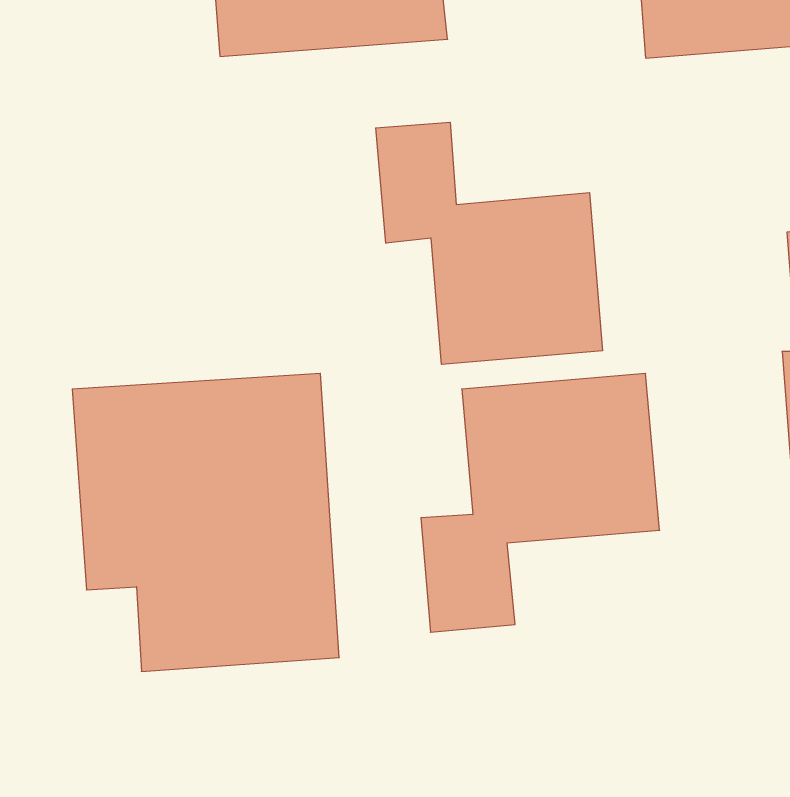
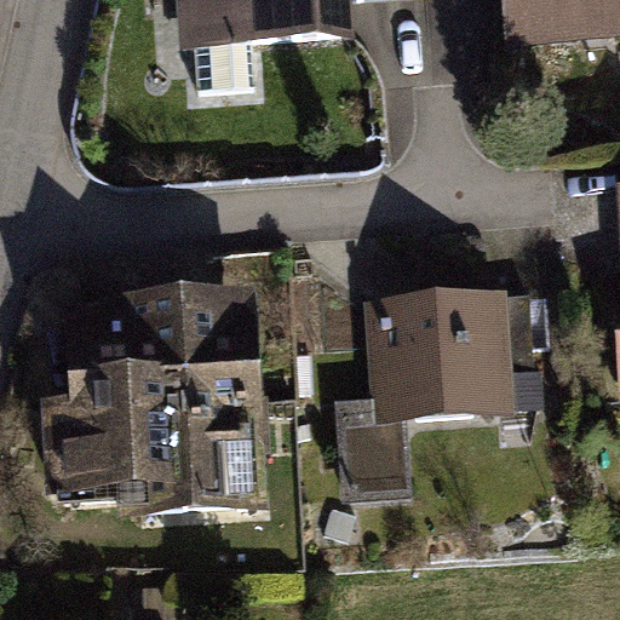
building: [376,122,602,364] -> none

